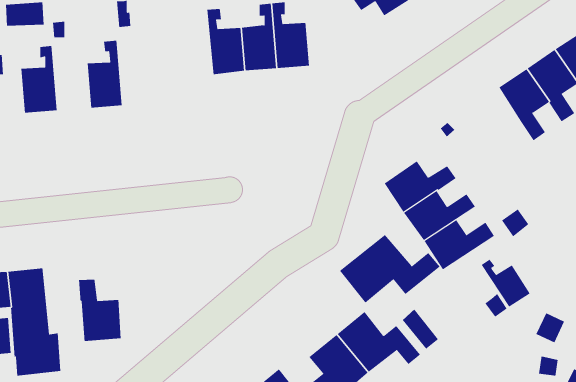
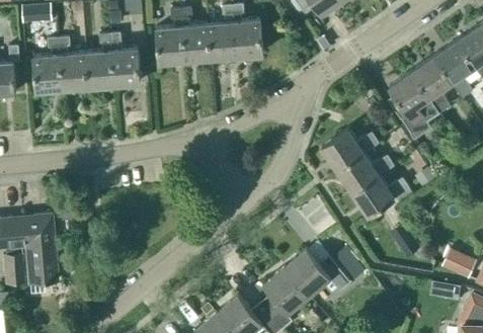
building: none -> [156,10,185,64]
building: none -> [109,33,140,86]
building: none -> [58,37,88,90]
building: none -> [389,72,429,130]
building: [339,234,440,303] -> none
building: [481,259,530,308] -> none
building: [78,279,121,342] -> none

